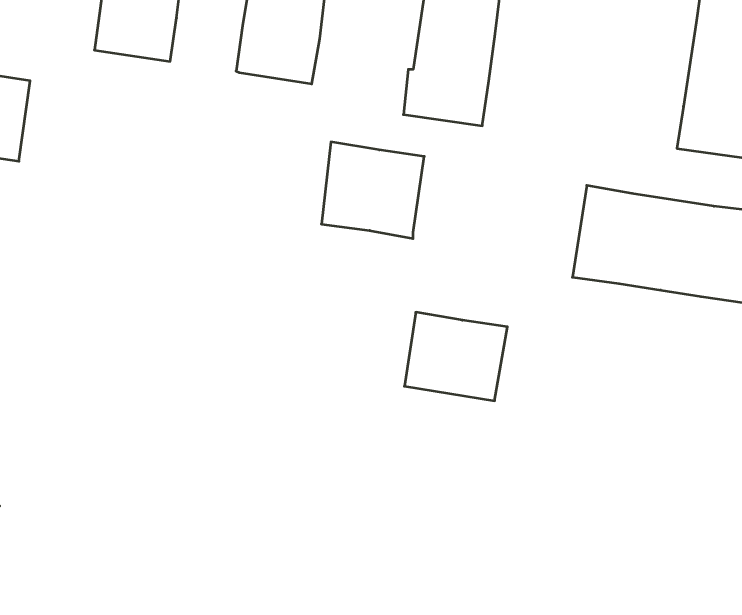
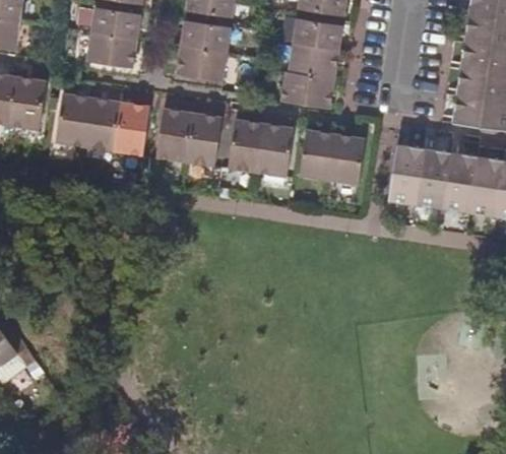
building: none -> [56,91,149,156]
building: none -> [155,107,222,167]
building: [404,312,507,401] -> [300,129,365,185]

